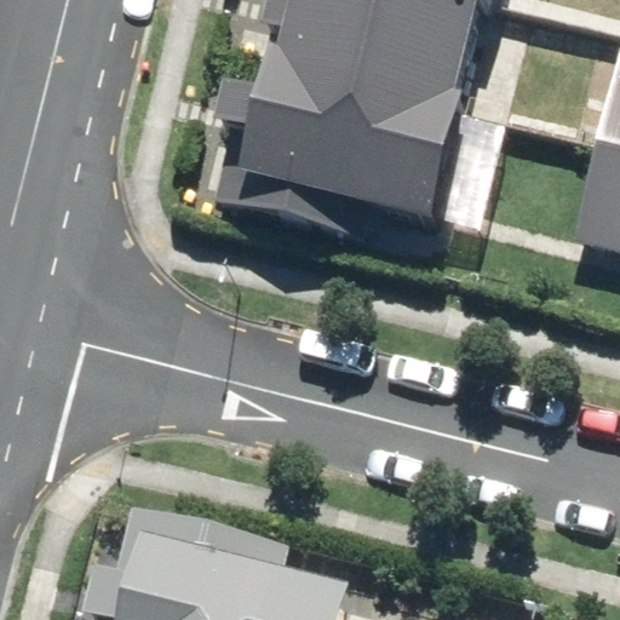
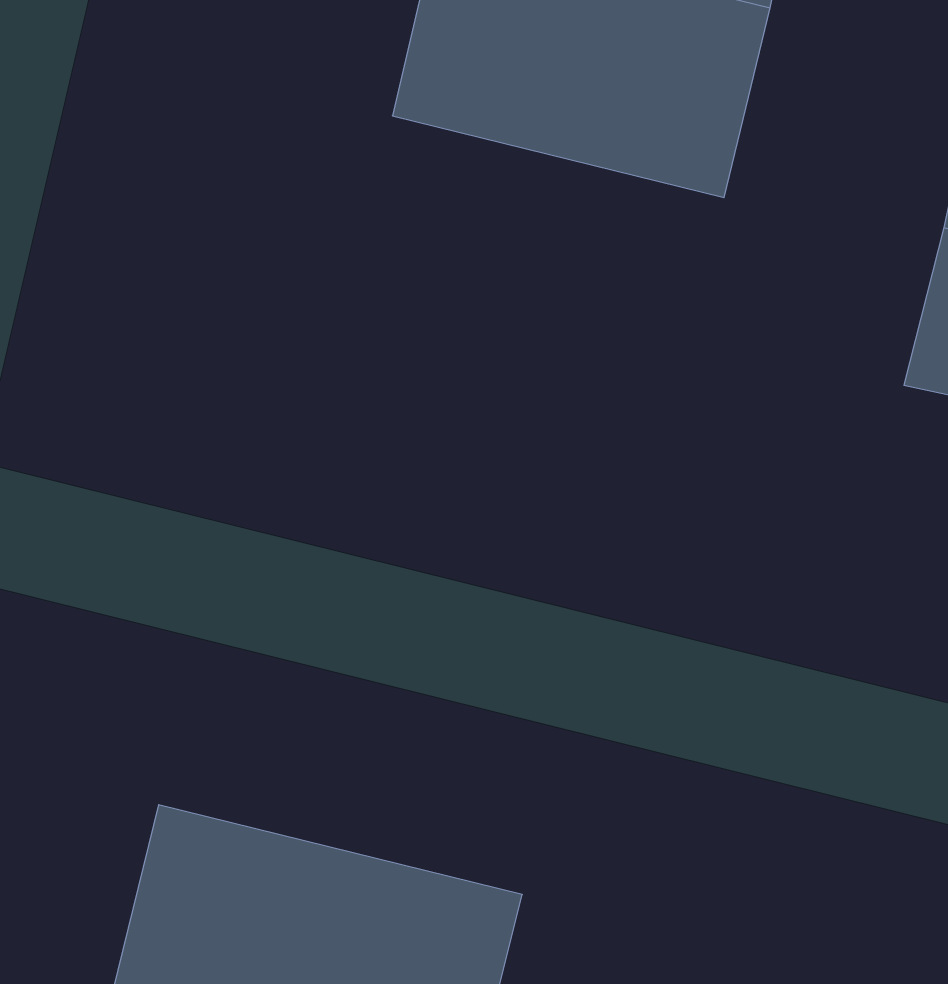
building: [228,87,458,252] -> none

